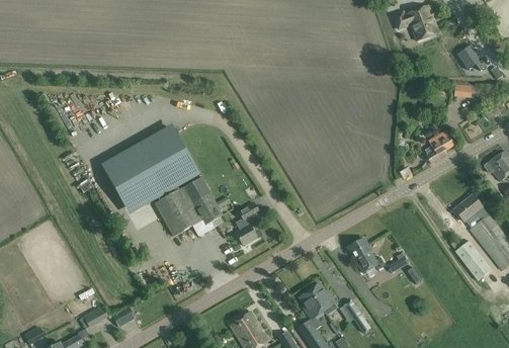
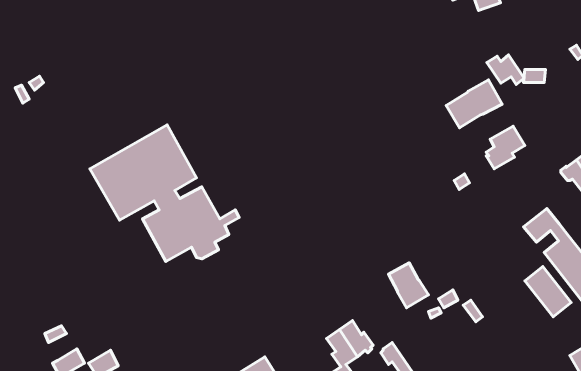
building: [455,47,485,70] -> [487,55,524,85]
building: none -> [446,80,502,128]
building: [235,201,259,245] -> none

